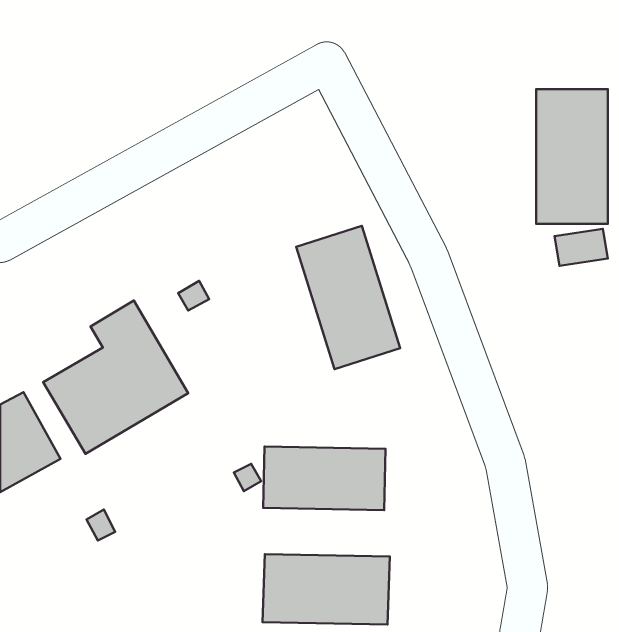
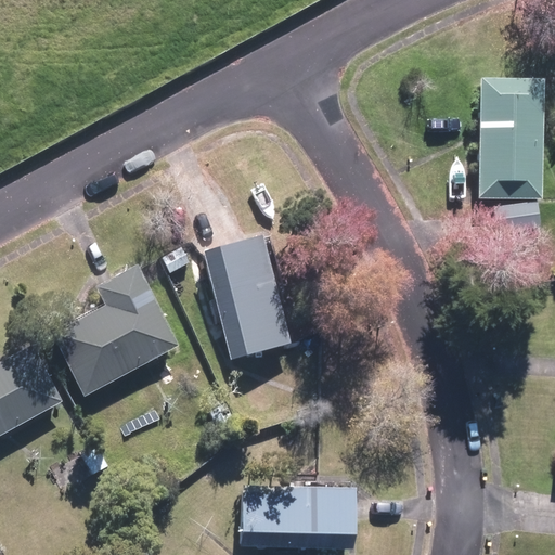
building: [296,226,400,369] -> [201,233,292,359]
building: [263,447,385,510] -> none

